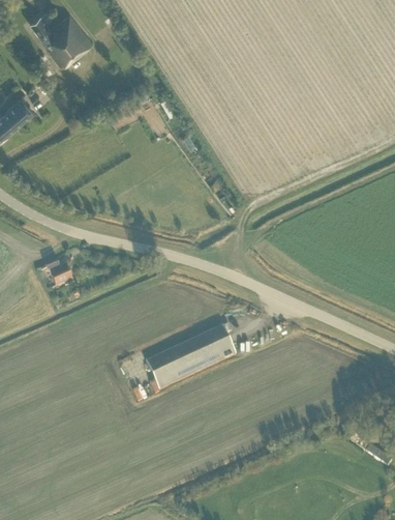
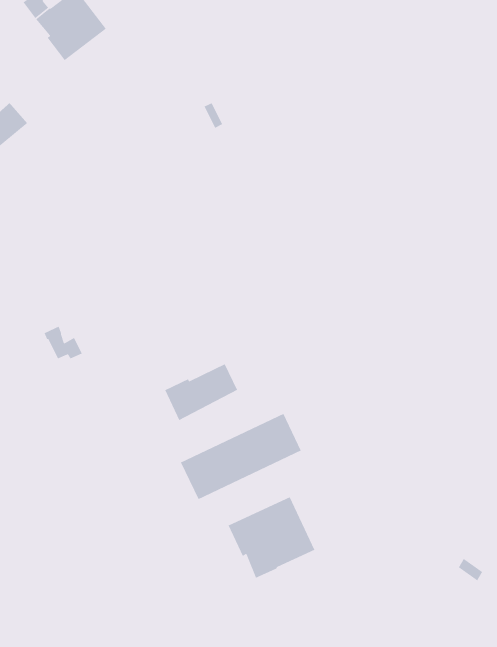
building: none -> [164,363,238,421]
building: none -> [228,496,316,579]

